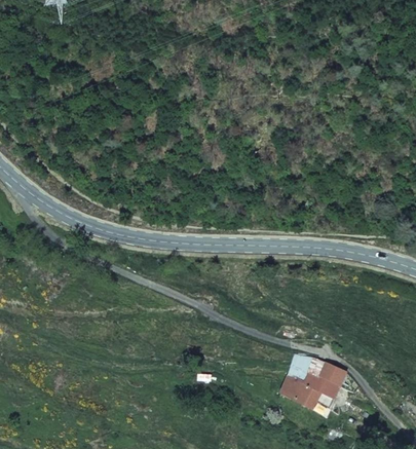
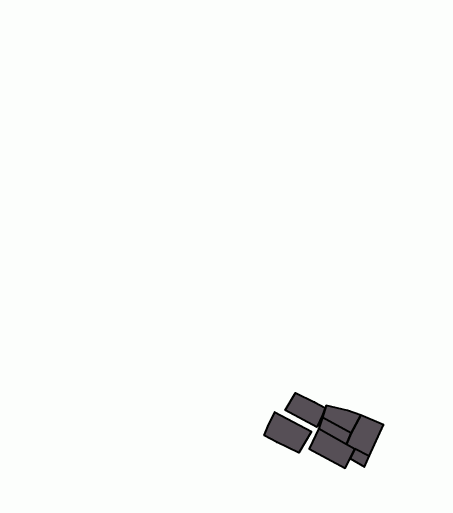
building: none -> [285,393,325,427]
building: none -> [264,412,311,453]

